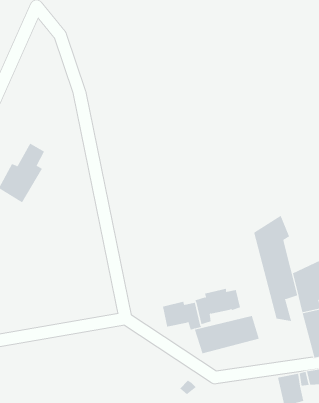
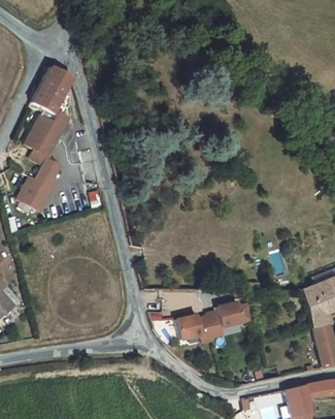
building: none -> [27,64,77,171]
building: [253,215,298,322] -> none
building: [194,315,259,354] -> none

